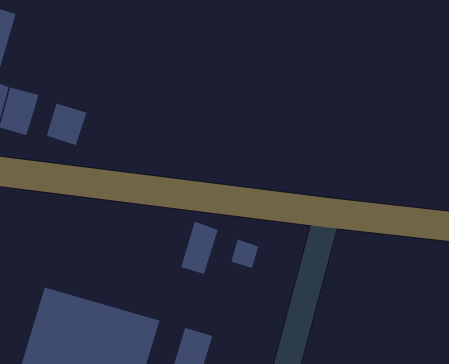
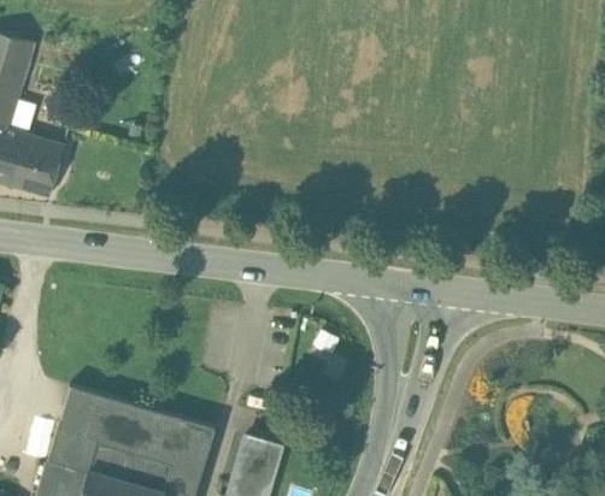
building: [46,103,87,146] -> none
building: [180,221,219,275] -> none

